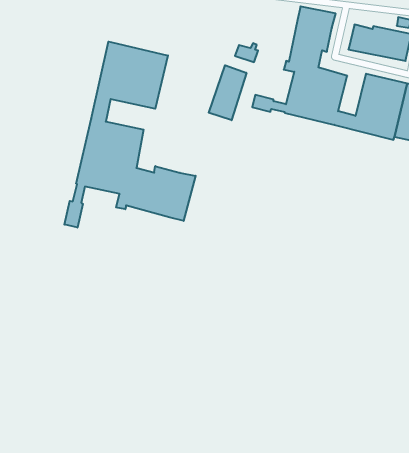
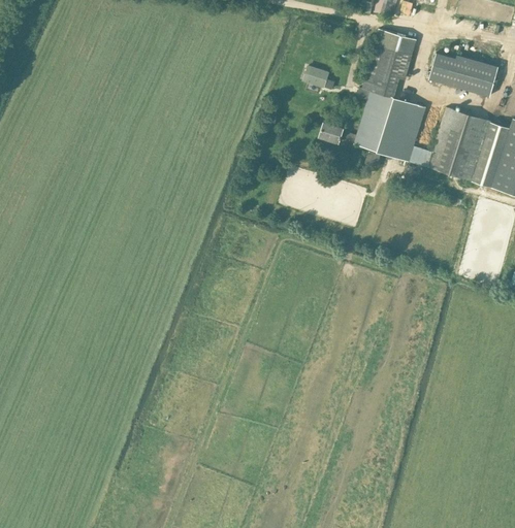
building: [64,42,196,228] -> none
building: [209,65,246,120] -> none

